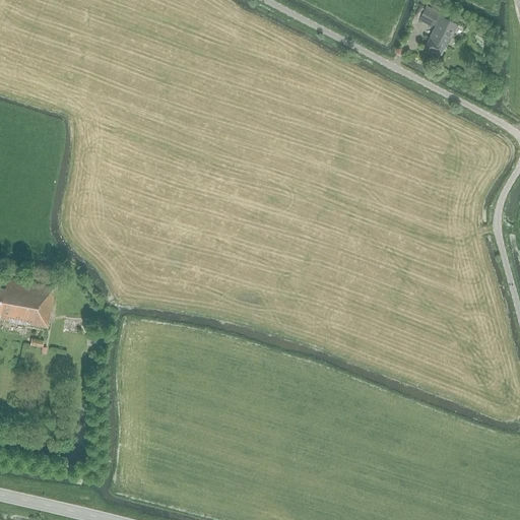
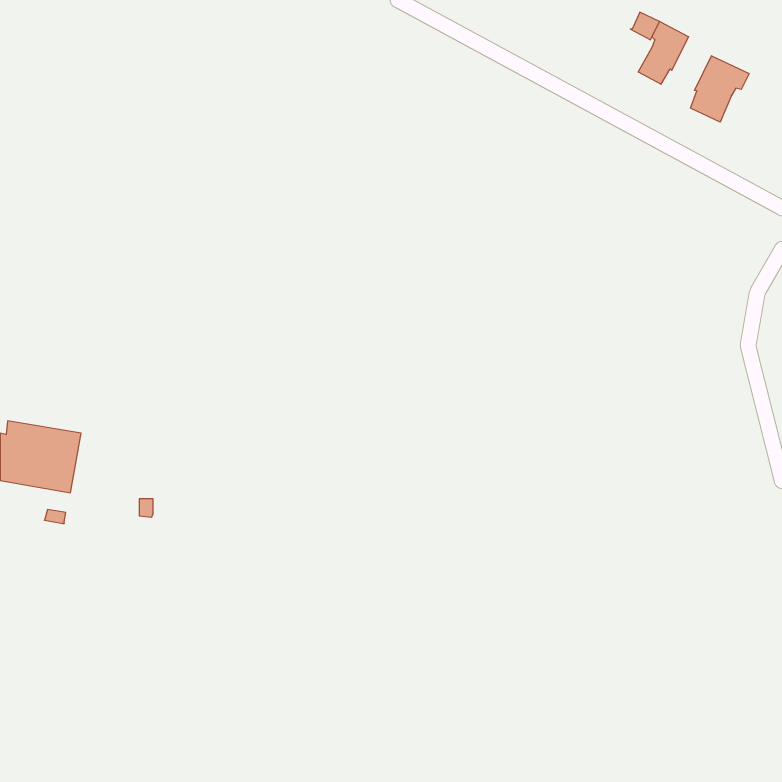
building: none -> [690,56,749,122]

